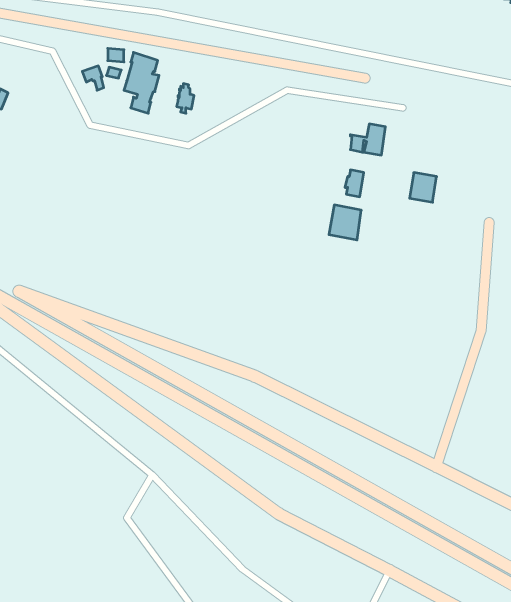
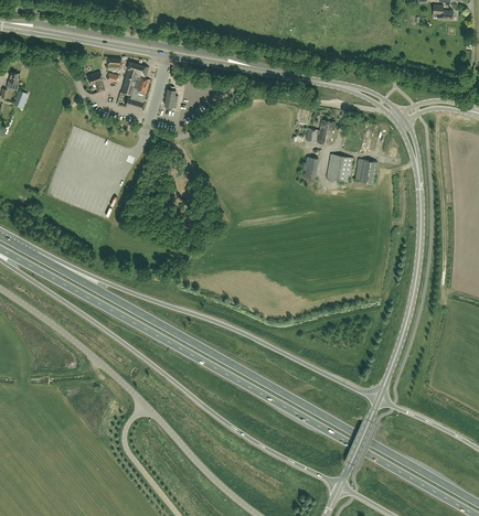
building: [329,205,361,240] -> [327,154,353,183]

